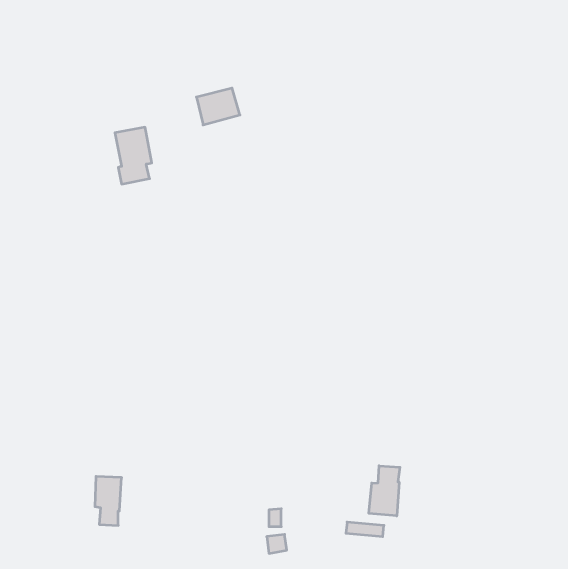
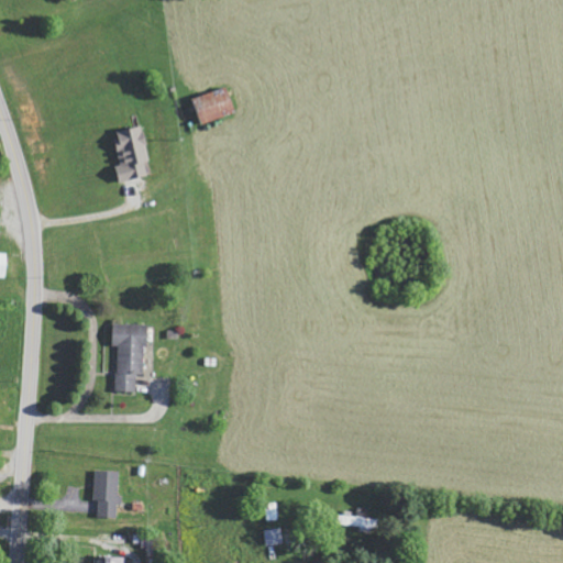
building: none -> [112,323,147,390]
building: [369,466,400,516] -> none

